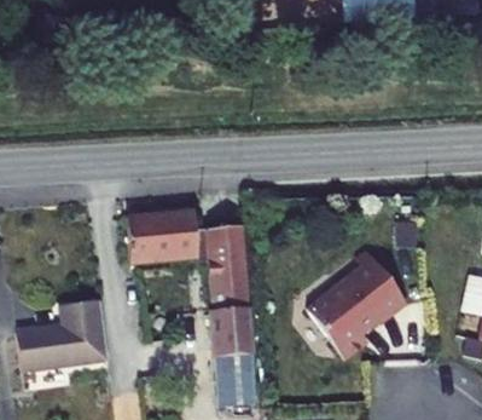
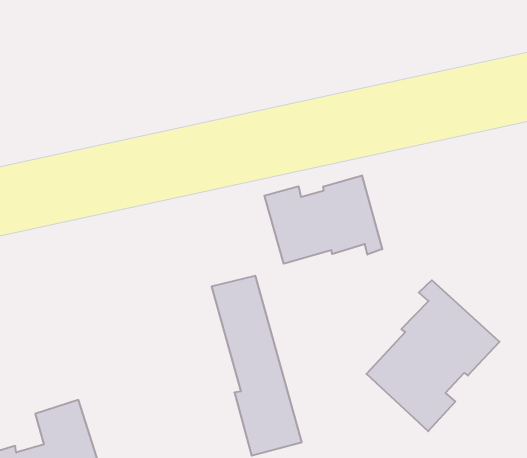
building: none -> [264,175,382,264]
building: [128,213,198,269] -> none

